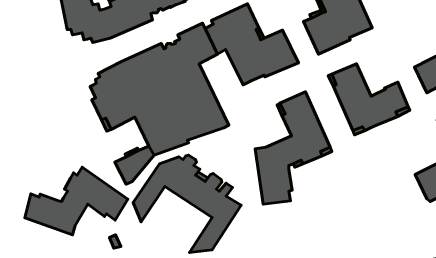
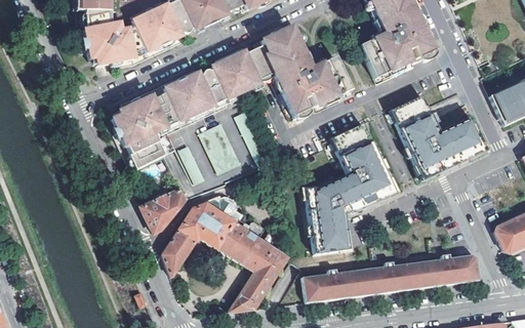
building: [25,167,128,235] -> none
building: none -> [302,253,480,302]

